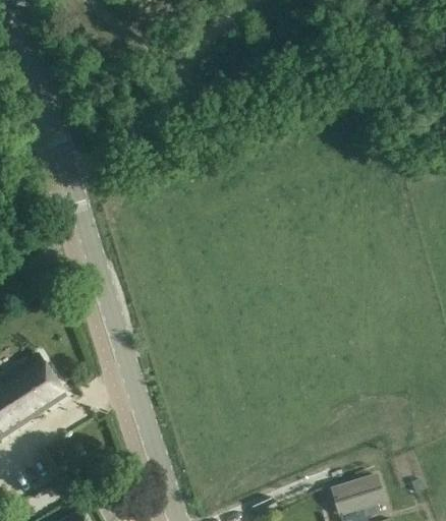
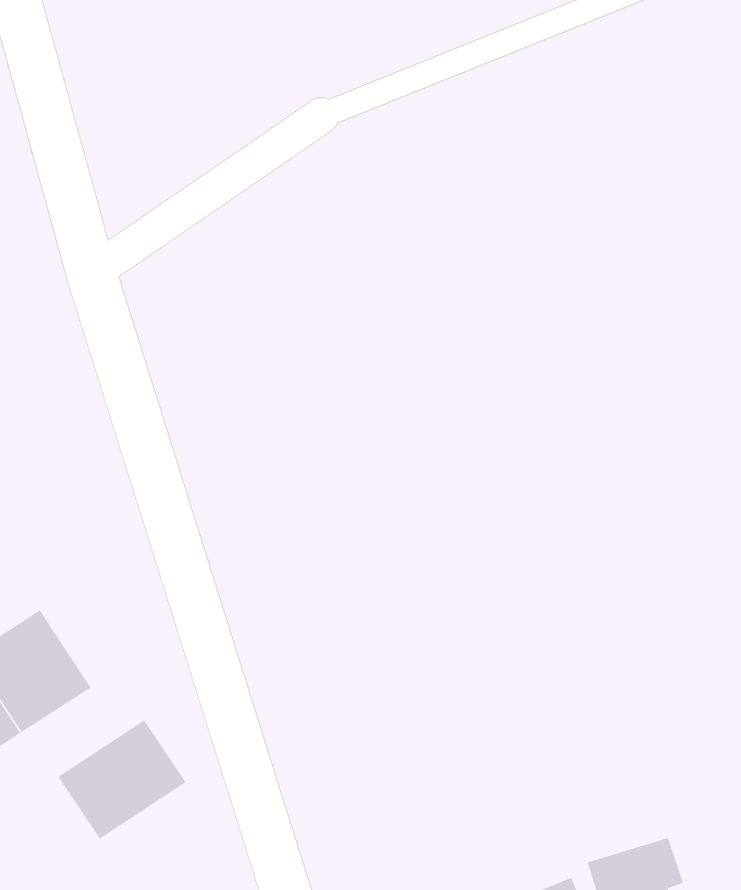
building: none -> [58,719,187,840]

